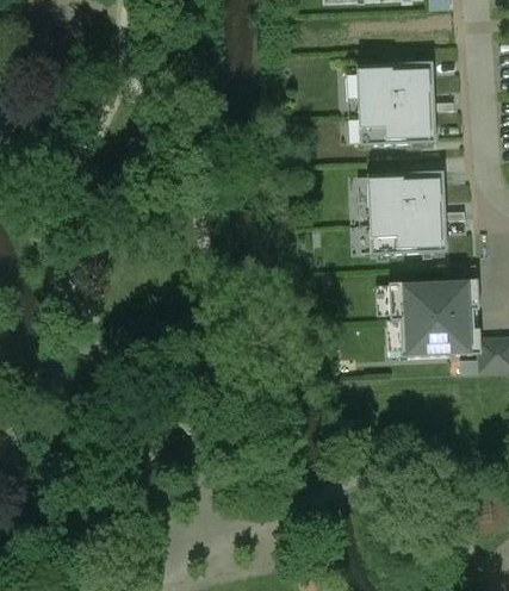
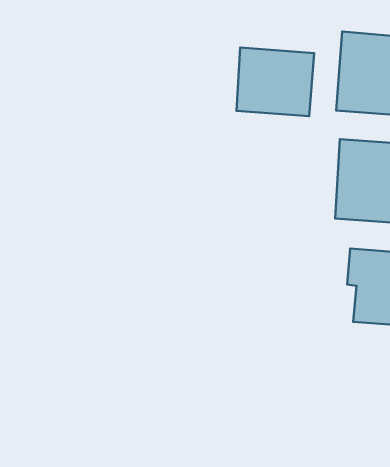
building: none -> [236,48,314,116]

